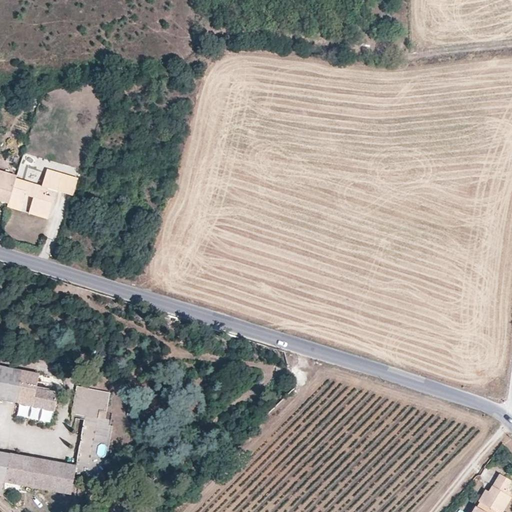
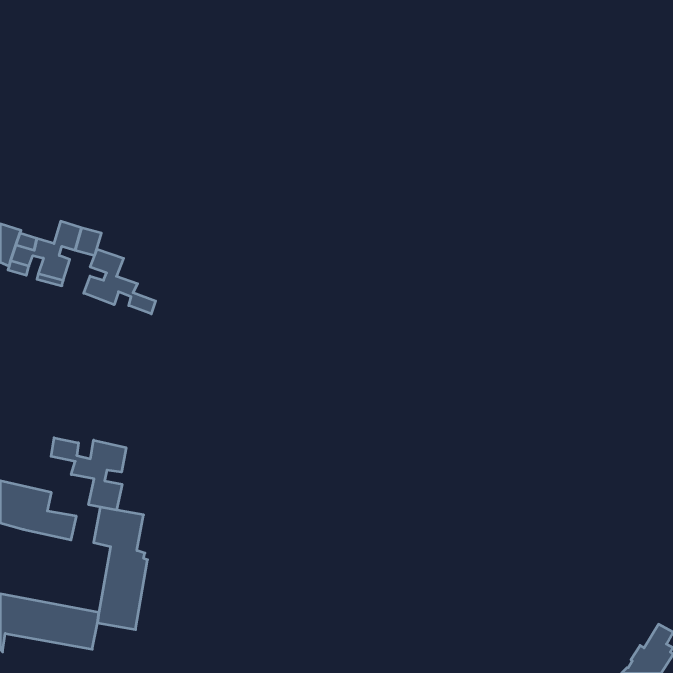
building: none -> [84,249,156,314]
building: none -> [51,438,126,510]

